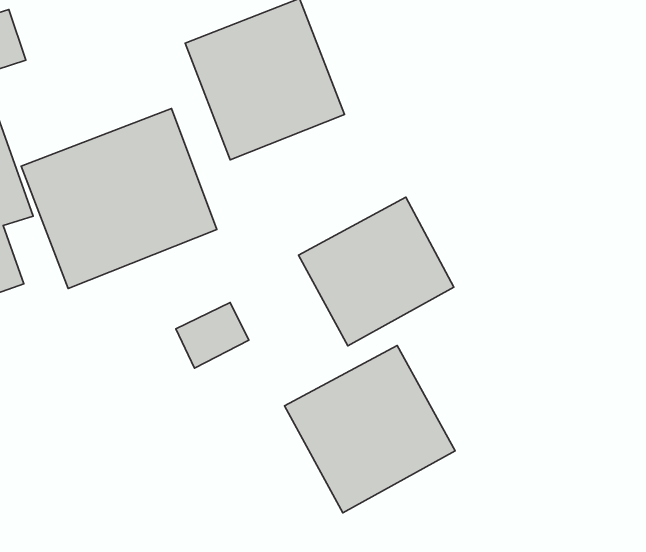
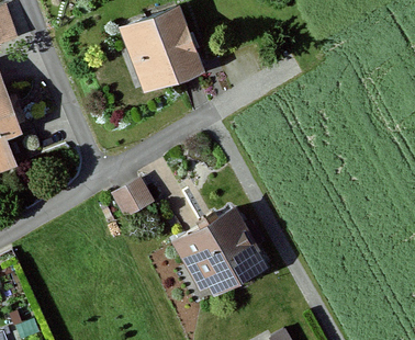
building: [21,109,217,288] -> none
building: [298,197,454,346] -> none

